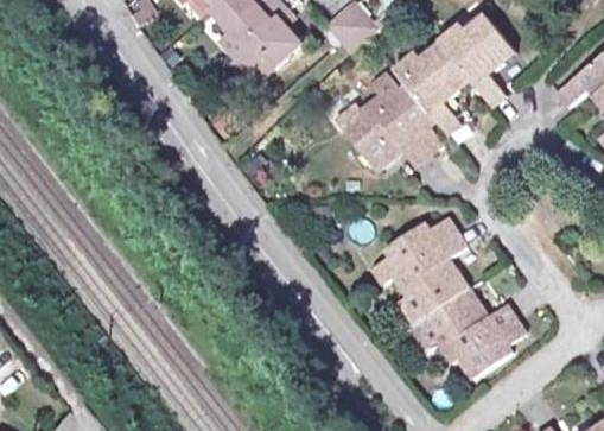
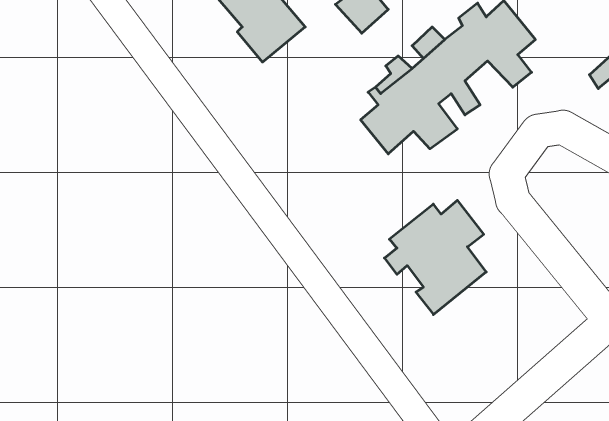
building: [418,279,527,370] -> none

